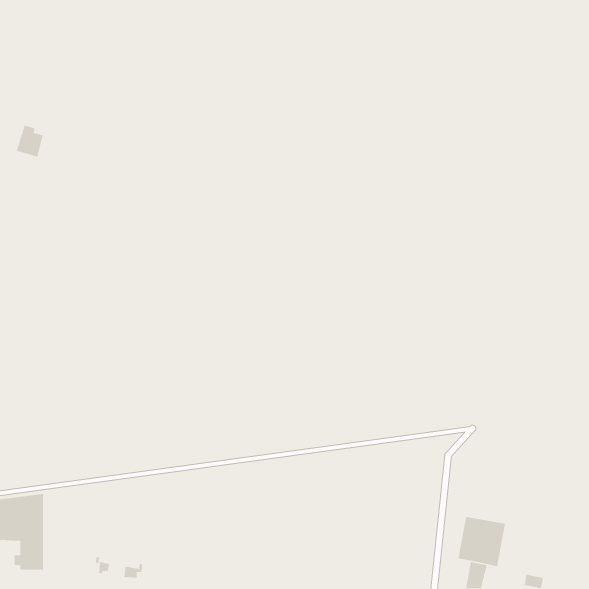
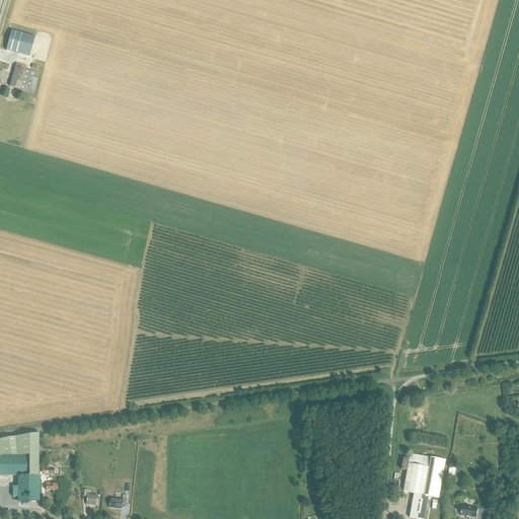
building: none -> [5,29,34,56]
building: [16,124,44,158] -> [9,63,33,92]

